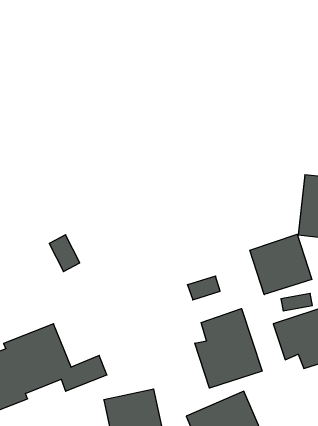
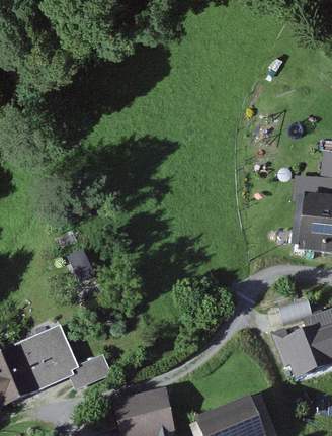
building: [250,234,312,295] -> none
building: [195,309,262,388] -> none

